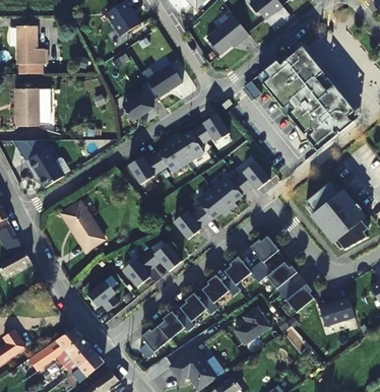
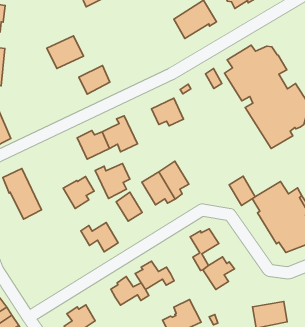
building: [145,64,182,97] -> [47,36,84,68]
building: [171,127,205,162] -> [95,163,130,198]
building: [243,160,269,189] -> [229,176,255,205]
building: [123,254,153,286] -> [63,176,94,209]
building: [224,256,264,284] -> none
building: [87,279,119,311] -> none
building: [281,283,314,312] -> none
building: [157,311,194,339] -> none

